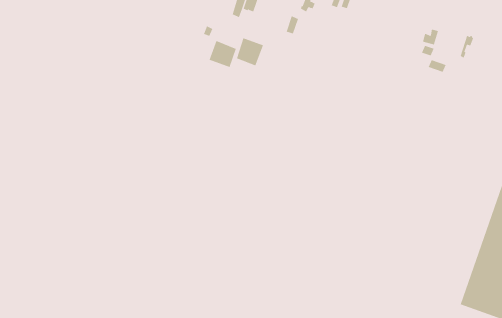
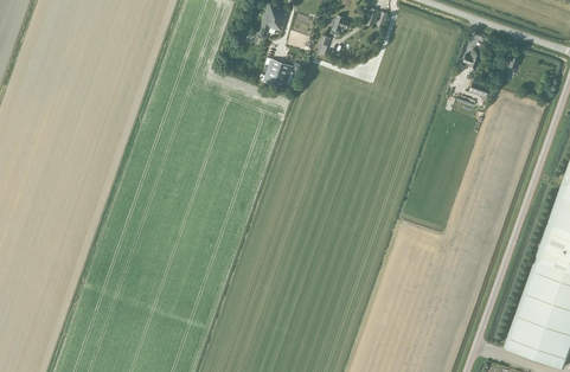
building: [209,40,236,68] -> none

